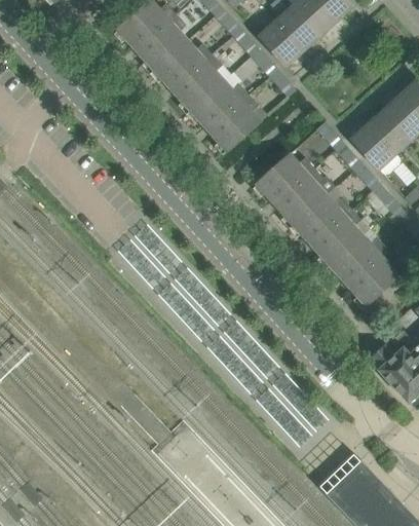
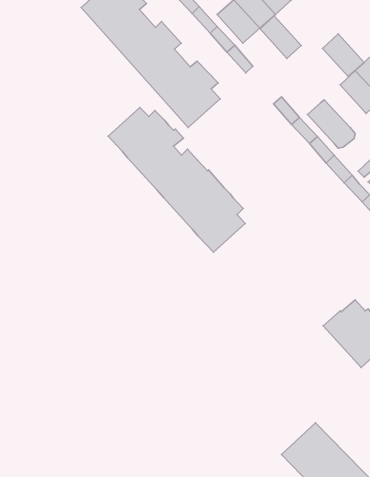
building: none -> [260,16,301,59]
building: [369,109,412,153] -> [322,34,364,76]
building: [257,155,398,305] -> [108,108,245,252]

